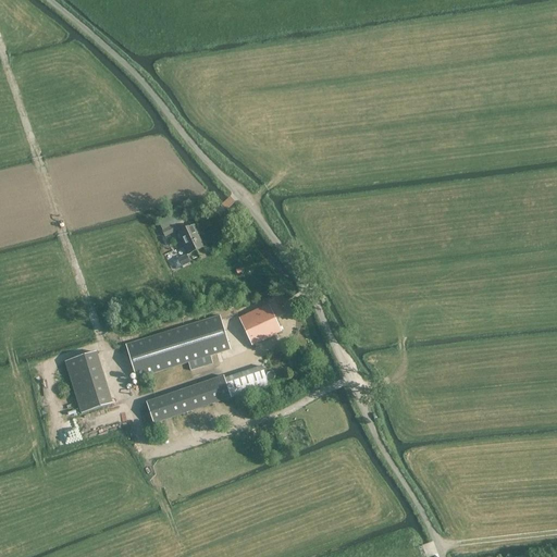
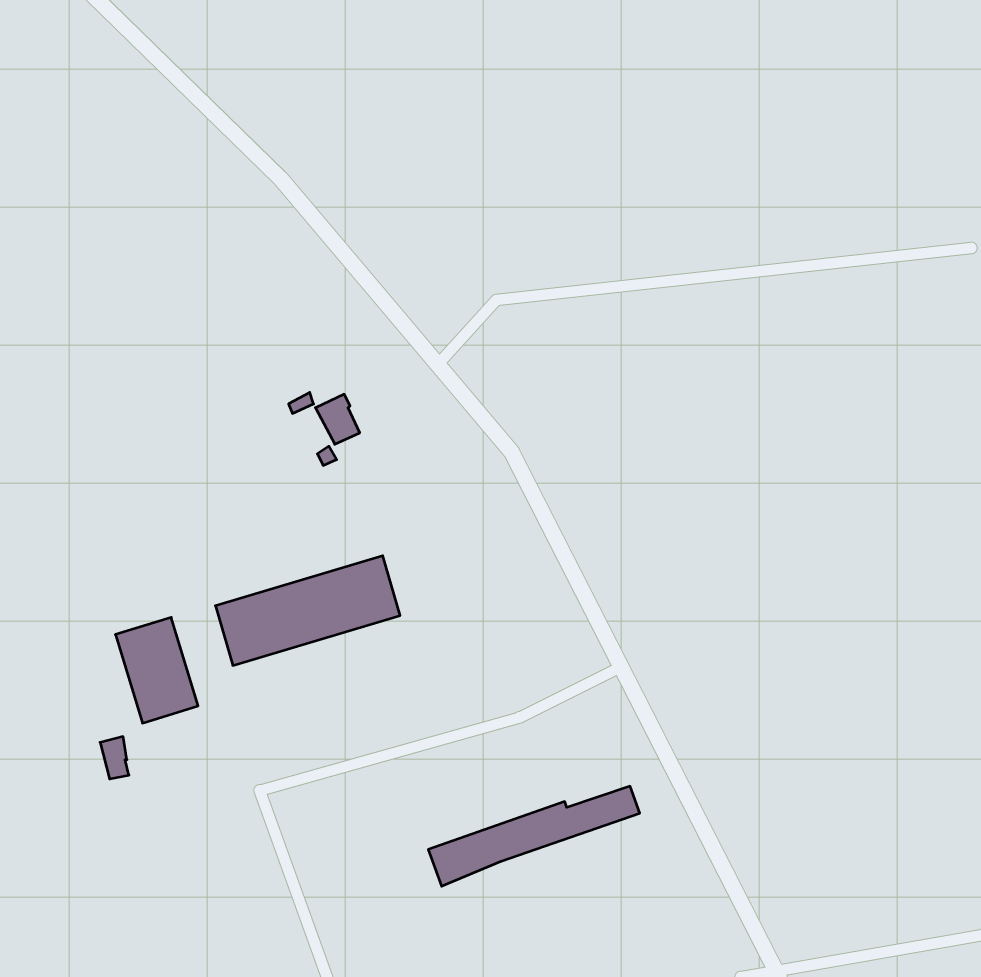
building: [236,296,286,345] -> none
building: [148,364,268,421] -> [428,786,640,886]

